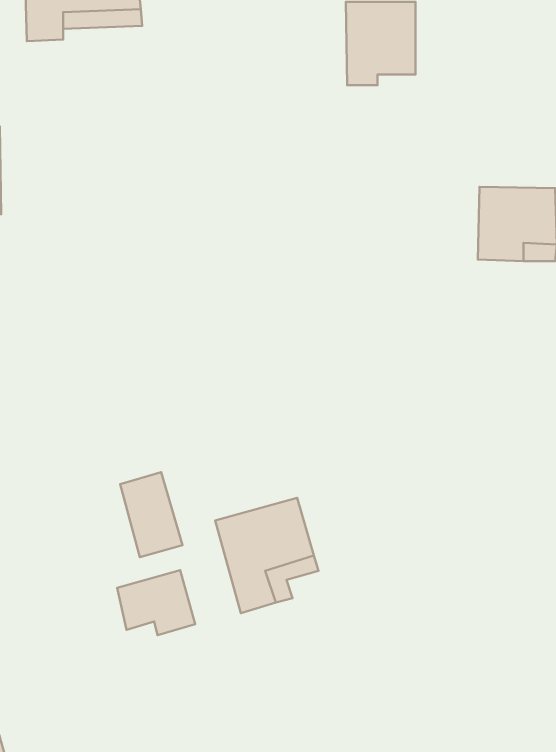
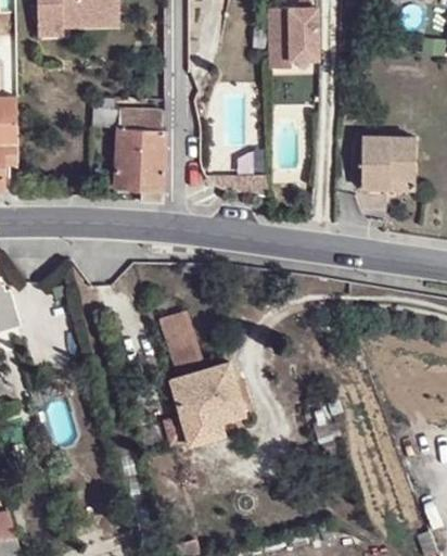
building: none -> [114,108,167,202]
building: [120,472,182,557] -> [158,309,203,370]
building: [117,570,195,635] -> none

